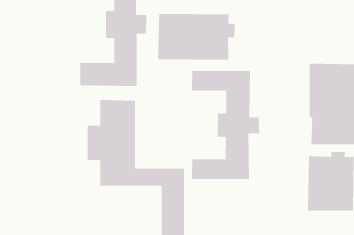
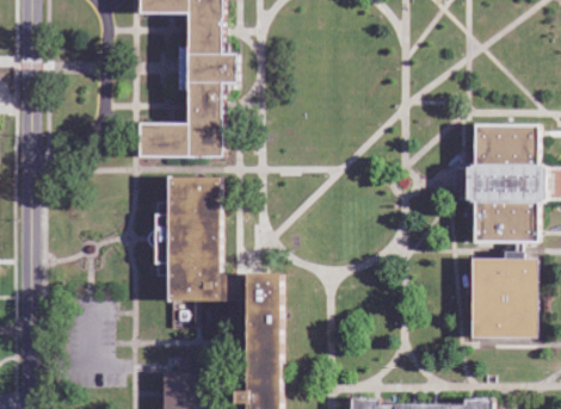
building: [158,13,235,60] -> none
building: [192,70,260,180] -> none

